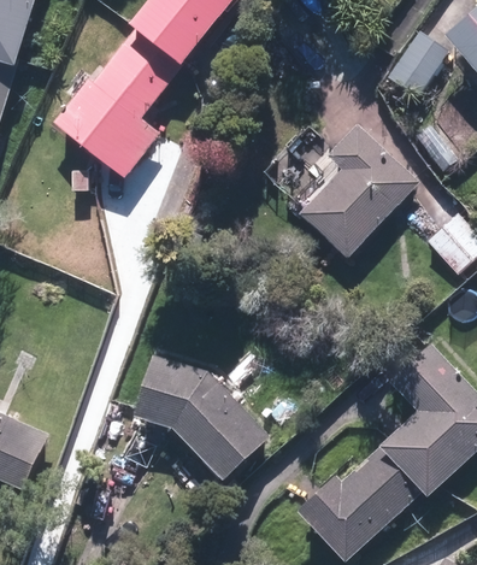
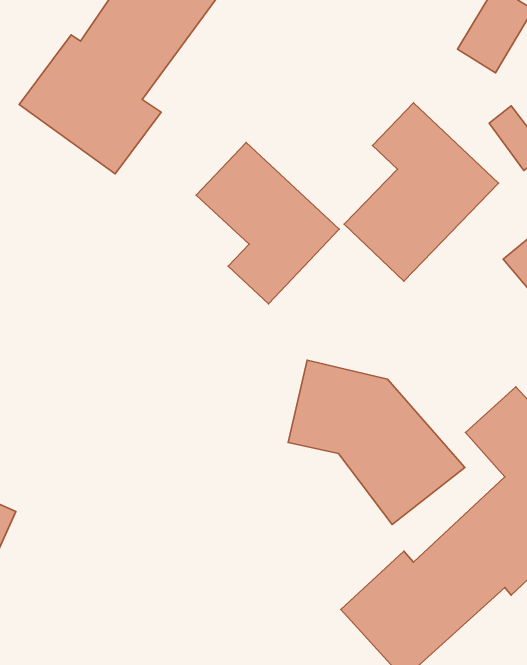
building: none -> [196,143,339,304]
building: [136,354,271,479] -> [288,360,465,524]

